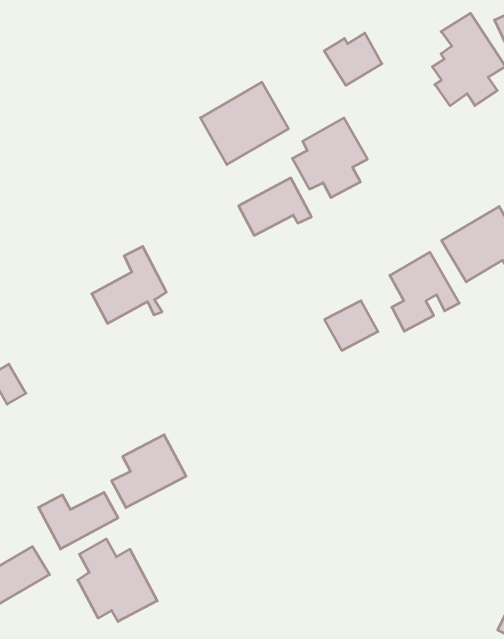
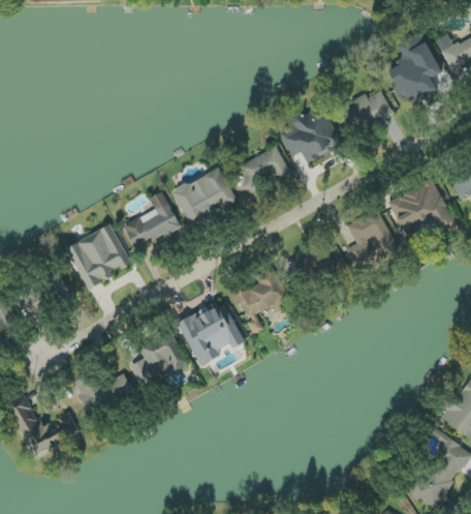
building: [324,33,382,85] -> [350,90,392,128]
building: [200,82,288,165] -> [172,167,238,226]
building: none -> [67,224,131,290]
building: none -> [228,273,285,335]
building: none -> [178,300,243,366]
building: [78,539,157,622] -> none

